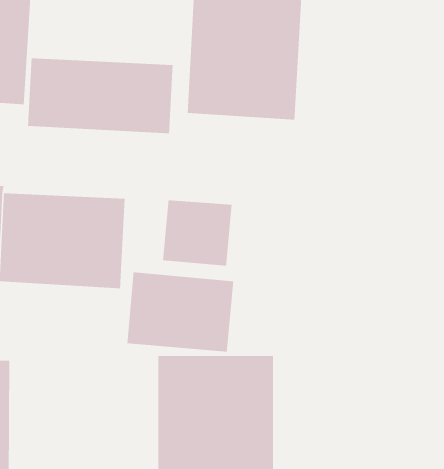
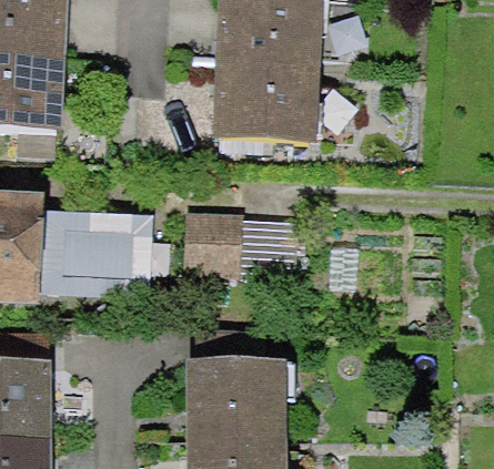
building: [27,58,174,134] -> none
building: [126,271,234,353] -> none

